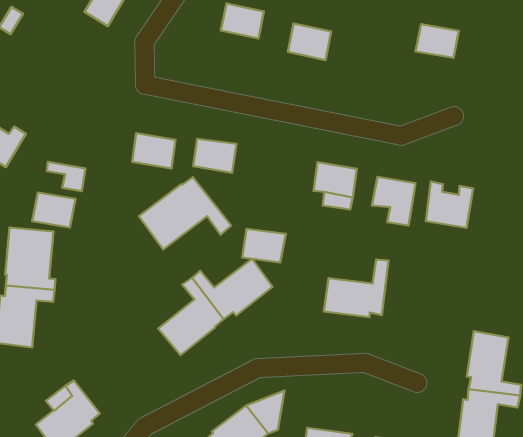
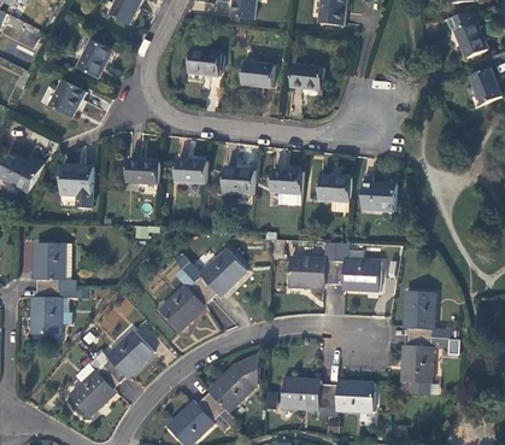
building: [416,24,459,58] -> [290,65,323,89]
building: none -> [49,81,86,117]
building: [139,177,231,250] -> none
building: [32,192,76,228] -> [60,165,93,191]
building: [242,229,286,263] -> [223,169,256,193]
building: none -> [334,241,378,291]
building: none -> [96,332,152,382]

